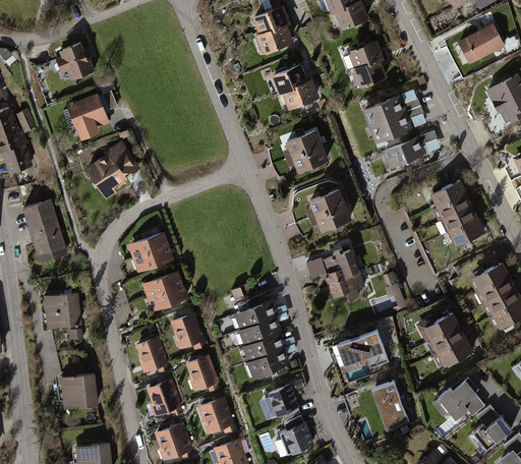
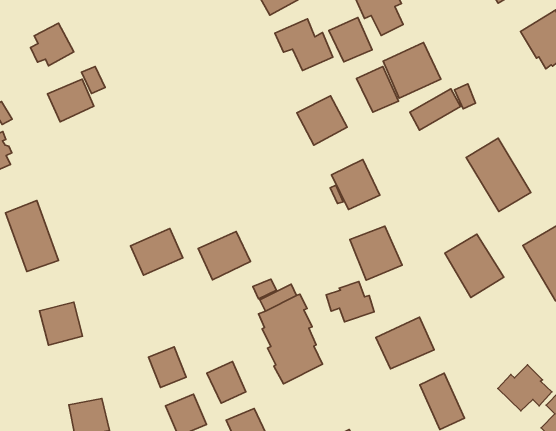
building: none -> [329,18,372,62]
building: none -> [357,66,399,112]
building: [85,144,132,198] -> none
building: [142,274,187,314] -> [198,231,250,280]
building: none -> [326,281,374,322]
building: [423,310,473,365] -> [445,234,504,297]
building: [169,313,202,352] -> none
building: [269,386,300,419] -> none

